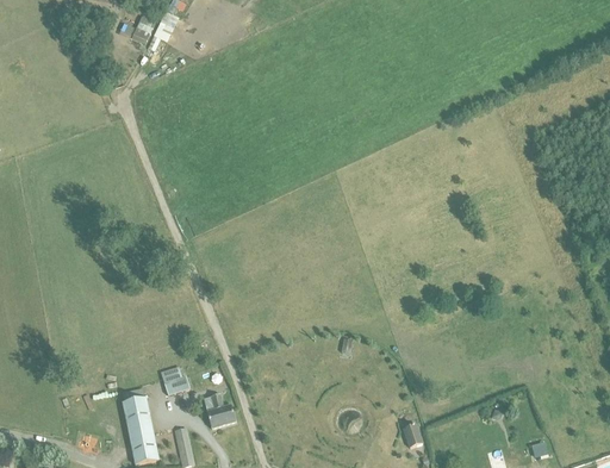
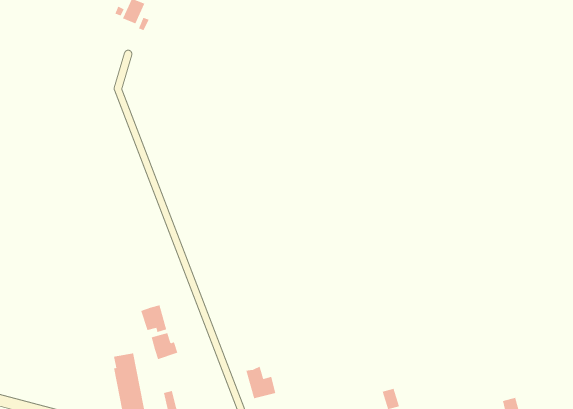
building: none -> [141,305,167,333]
building: [203,393,235,428] -> [246,366,276,399]

